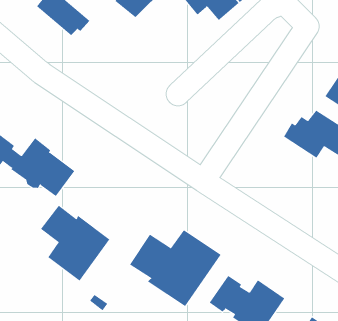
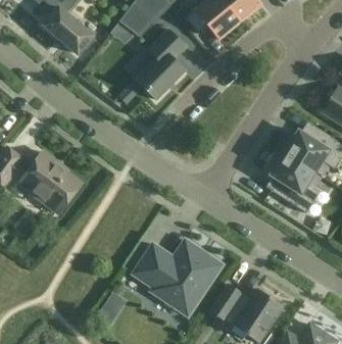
building: none -> [135,29,186,99]
building: none -> [270,150,320,212]
building: [40,205,110,282] -> none

